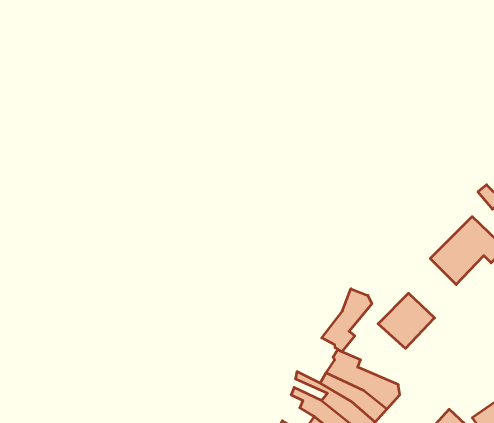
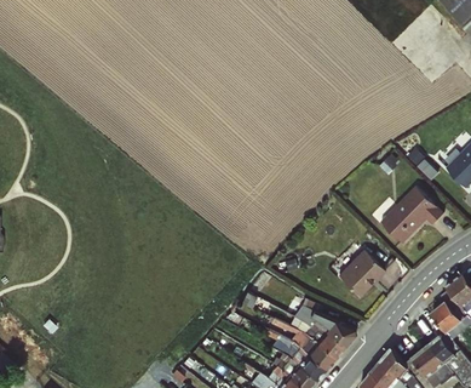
building: [322,289,372,352] -> none

